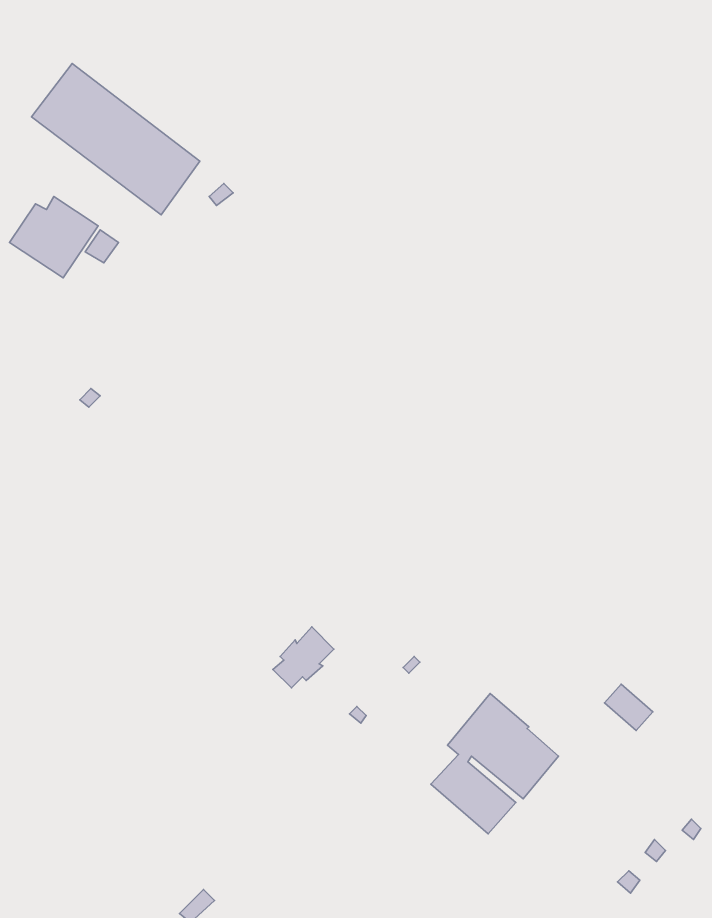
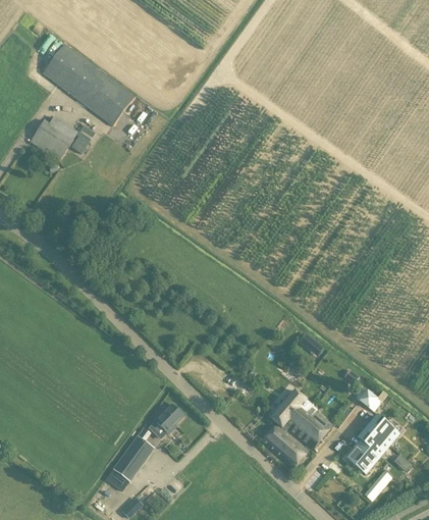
building: [273,627,334,688] -> [149,403,182,436]
building: none -> [345,416,398,472]
building: none -> [112,435,153,480]

